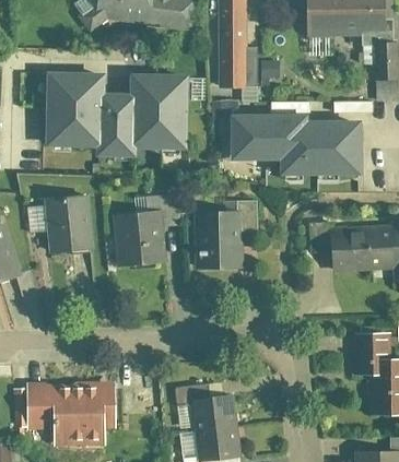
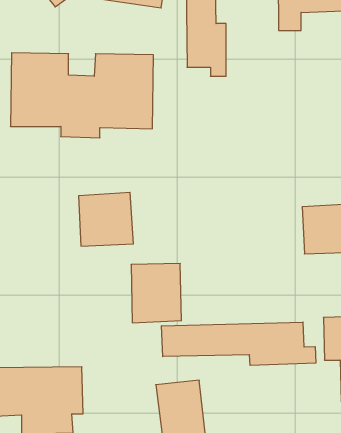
building: [228,111,357,170] -> none
building: [44,197,93,251] -> none
building: [193,211,243,269] -> [131,264,181,323]
building: none -> [162,322,316,365]

